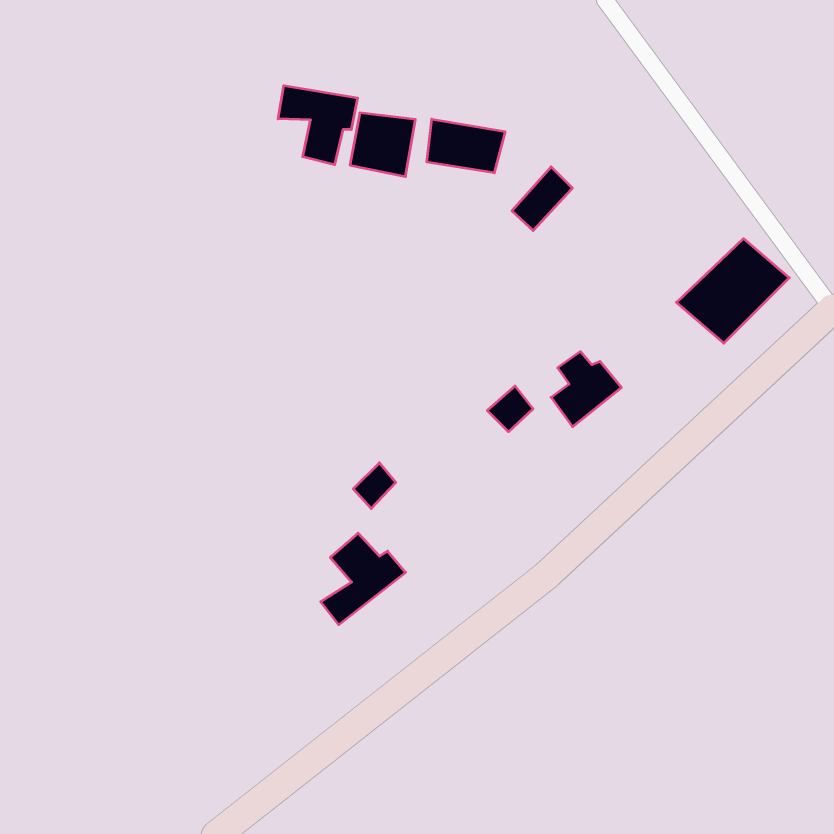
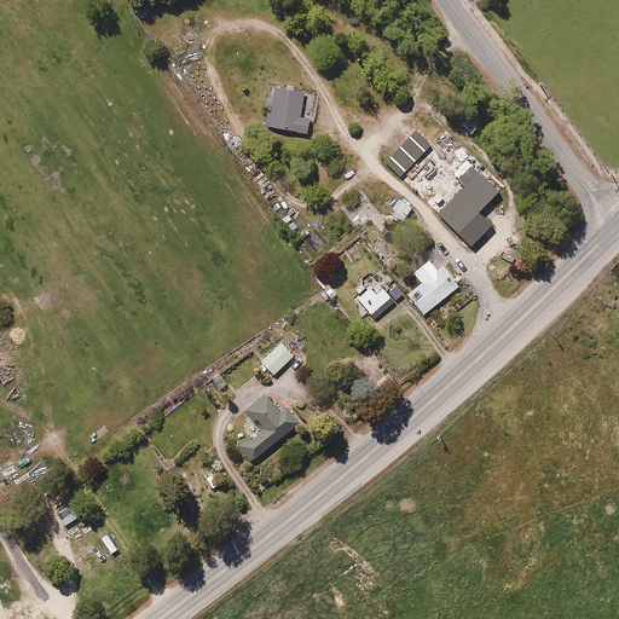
building: [278,86,358,165] -> none
building: [427,119,505,173] -> none
building: [676,239,789,343] -> [428,164,511,242]

